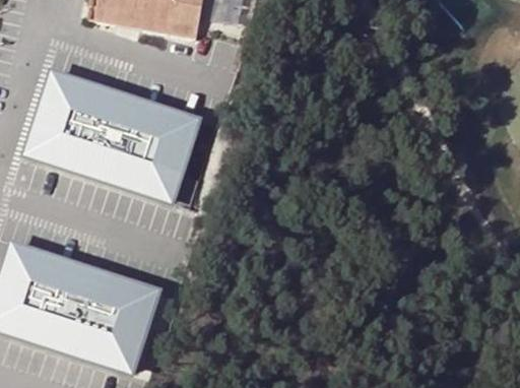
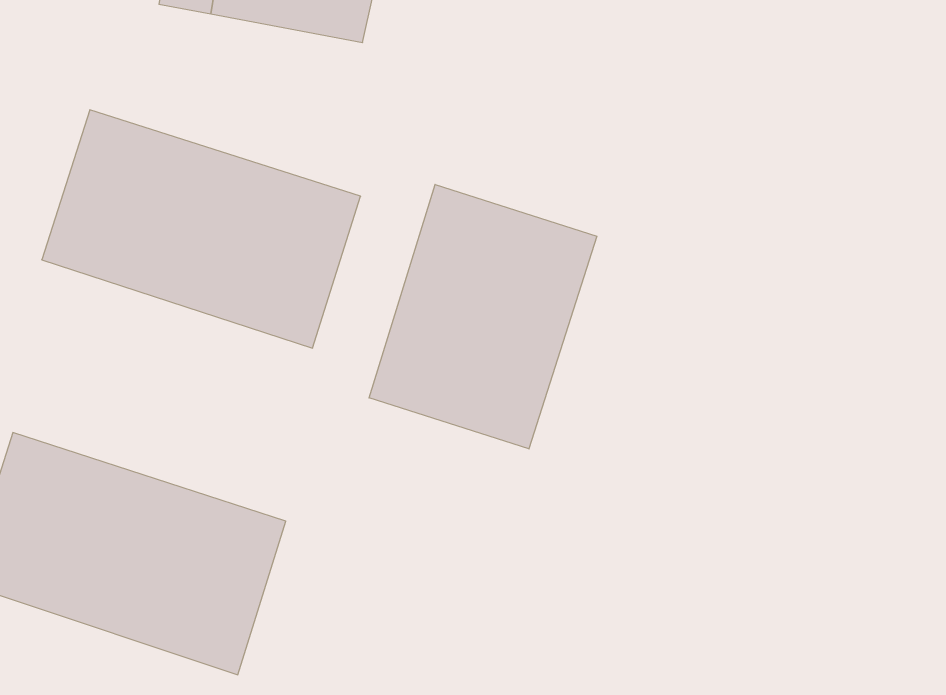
building: none -> [369,184,597,449]

